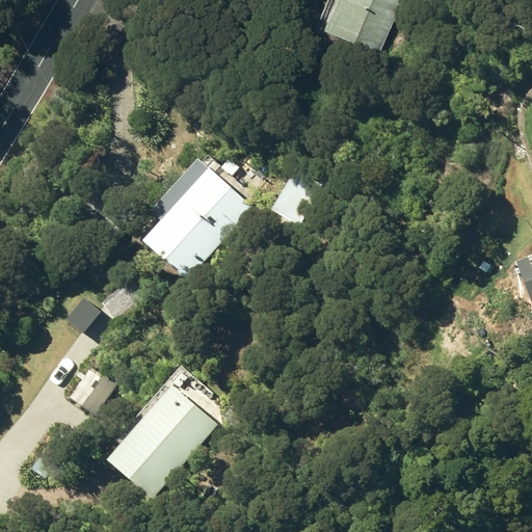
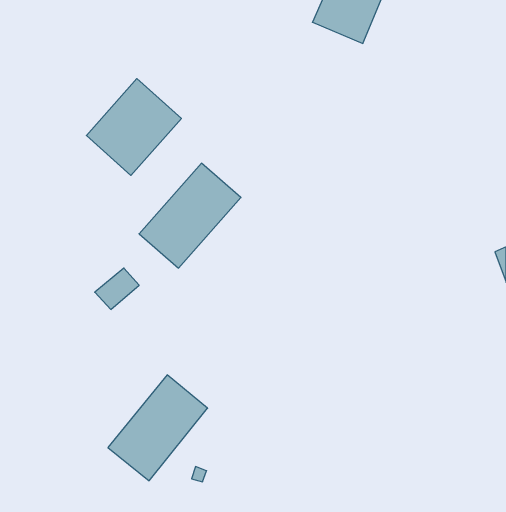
building: none -> [86,79,181,175]

